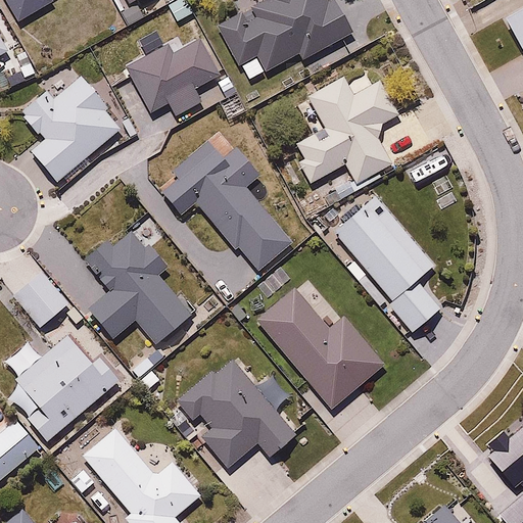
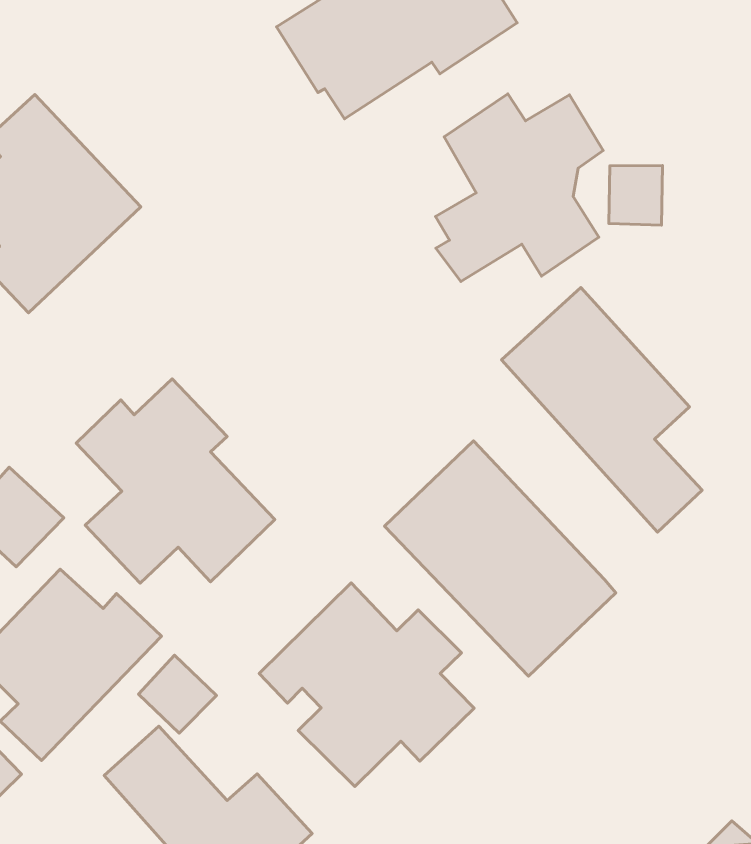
building: [125,28,236,117] -> none
building: none -> [609,166,662,225]
building: [157,142,293,270] -> none
building: none -> [138,655,216,733]

